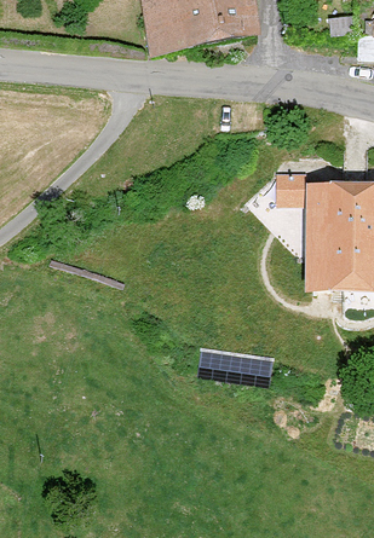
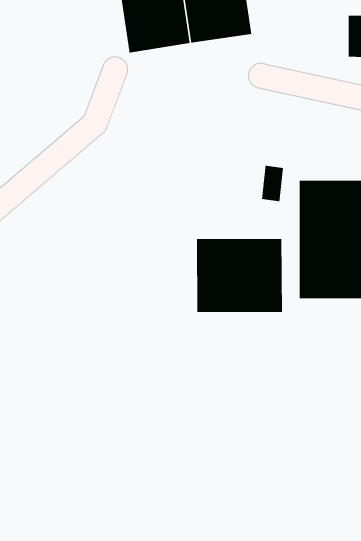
building: none -> [196,238,282,313]

